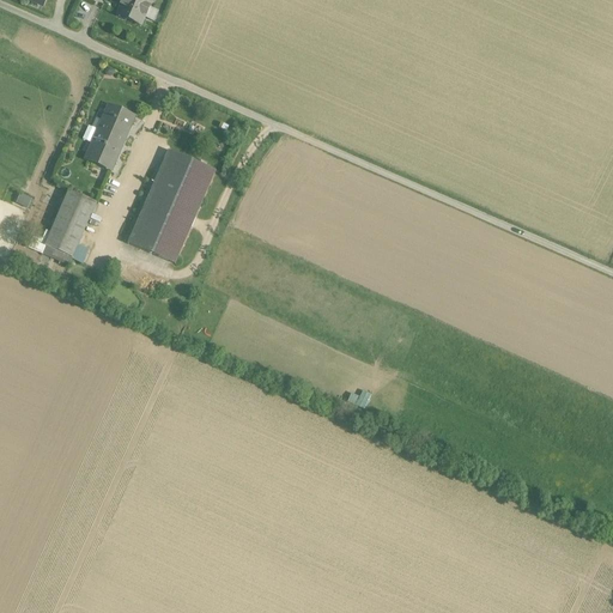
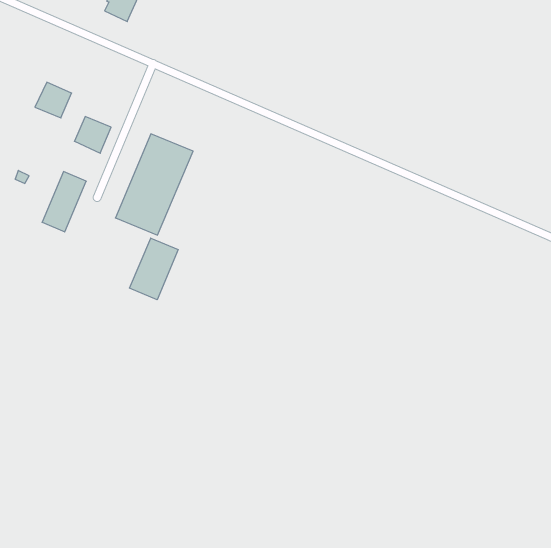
building: [95,102,135,141] -> [35,82,72,118]
building: none -> [130,238,178,300]

